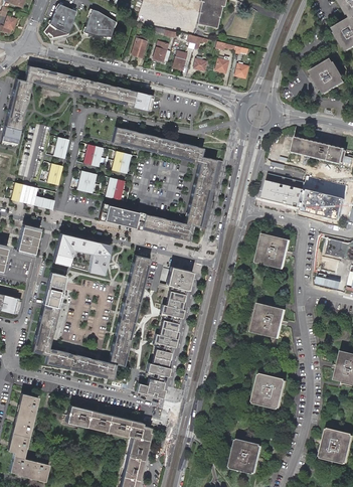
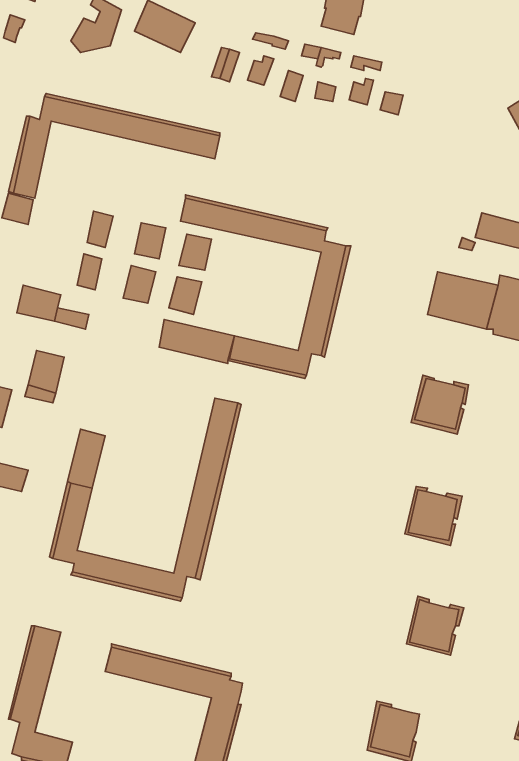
building: [53,232,111,274] -> none
building: [139,266,193,397] -> none

